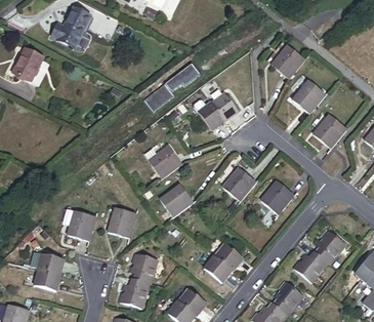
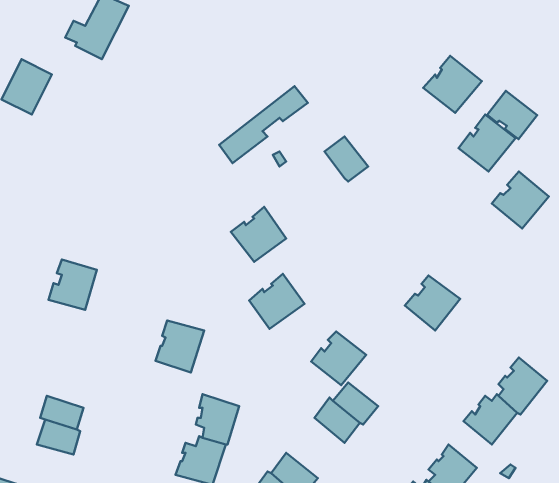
building: none -> [487,91,537,139]
building: [192,96,221,129] -> none
building: [220,168,254,201] -> [311,331,366,385]
building: [64,209,93,240] -> [48,260,97,310]

